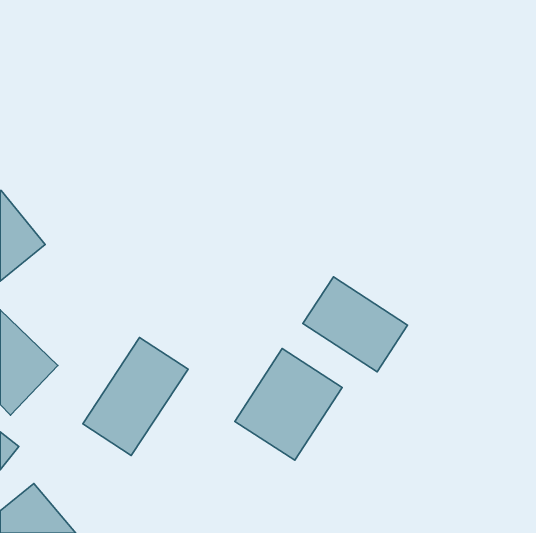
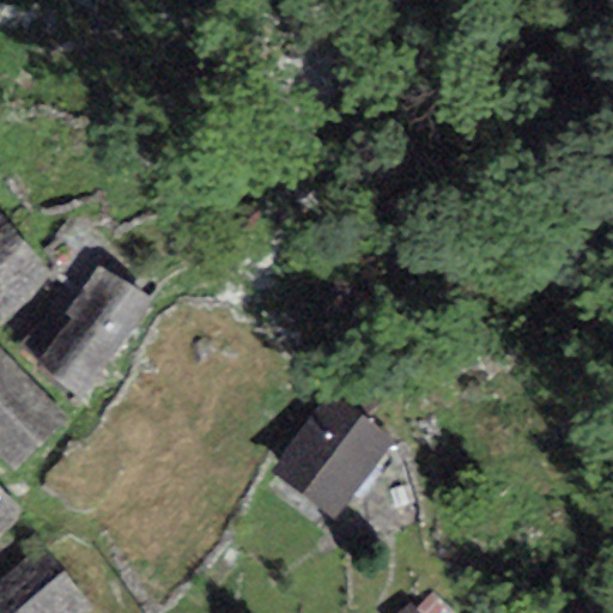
building: [303,277,408,372] -> none
building: [83,337,188,455] -> [31,262,151,396]

